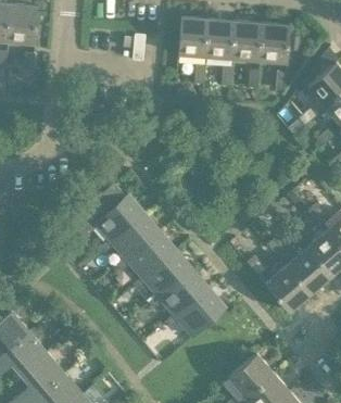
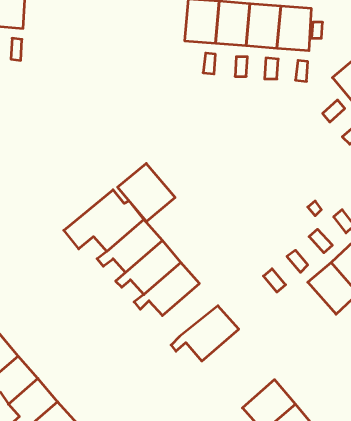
building: none -> [118,163,175,221]
building: [265,267,311,313] -> none
building: [149,268,206,315] -> none

